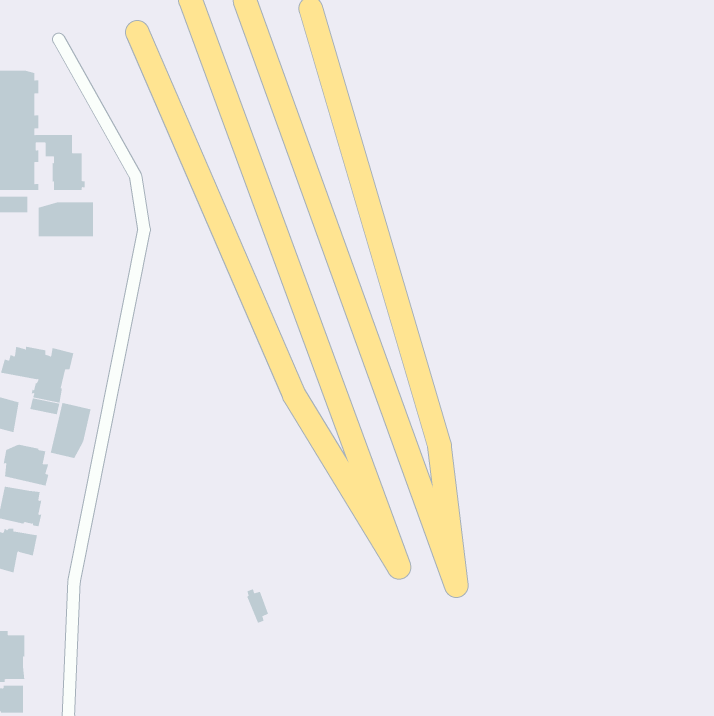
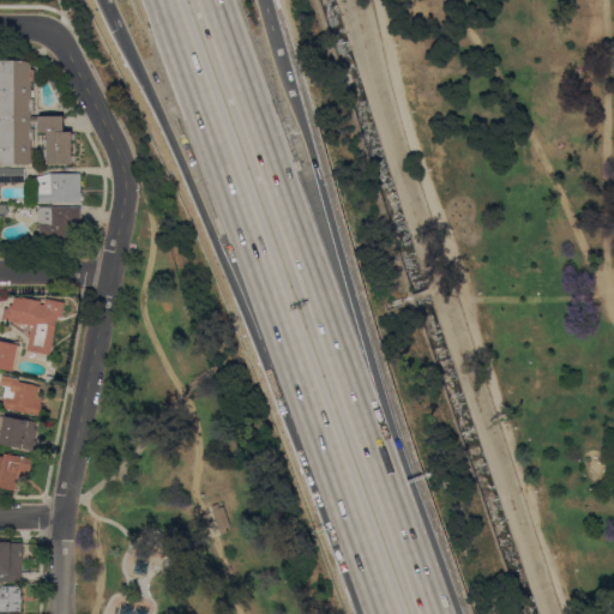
building: none -> [37,206,80,247]
building: [50,402,91,459] -> none

